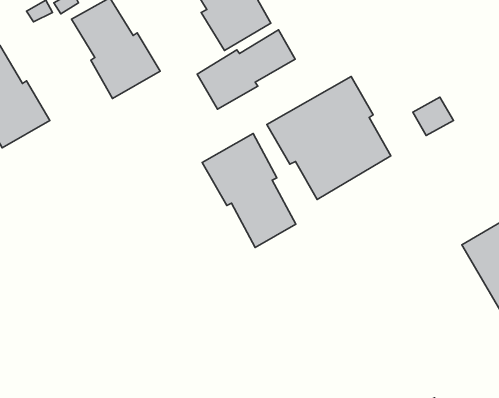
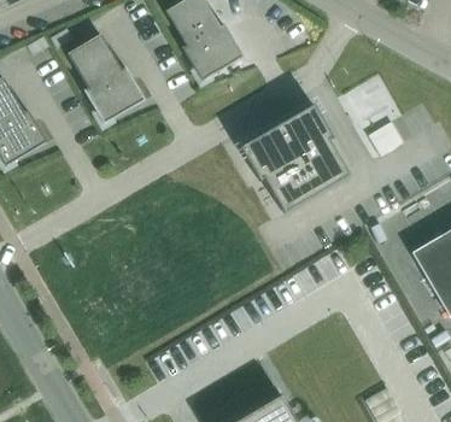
building: [197,30,295,109] -> none
building: [202,134,296,247] -> none

